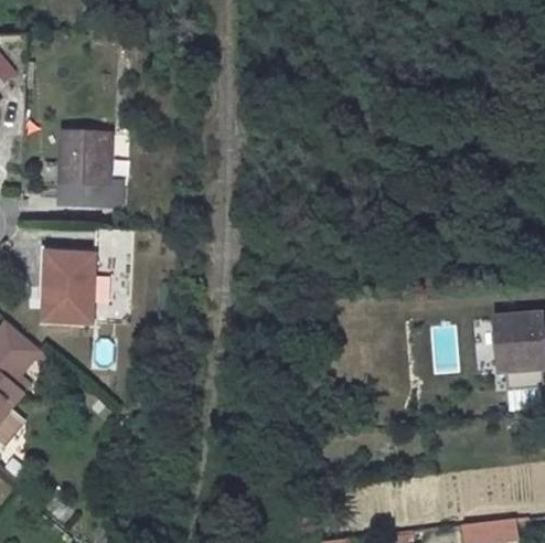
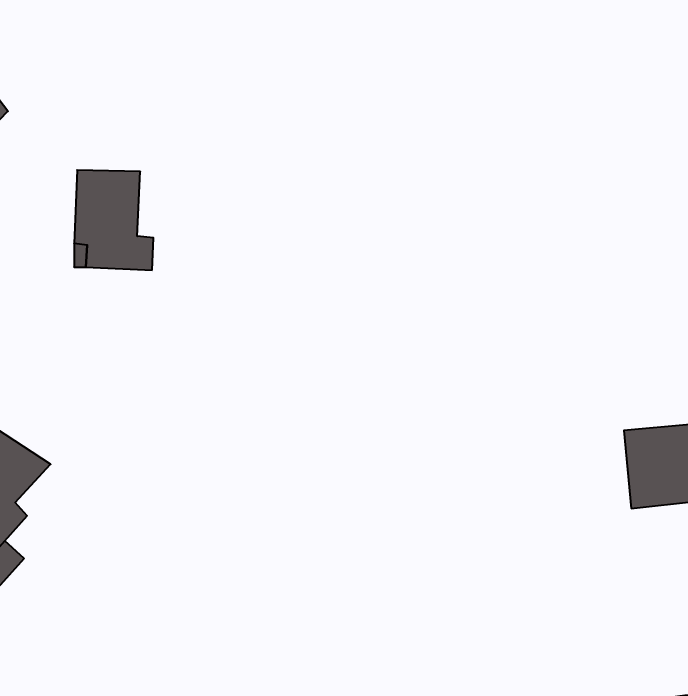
building: [42,248,97,320] -> none

